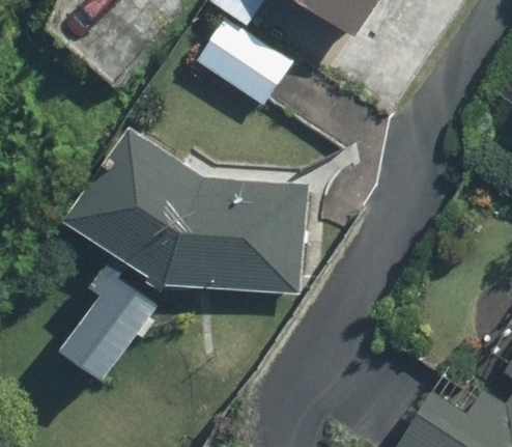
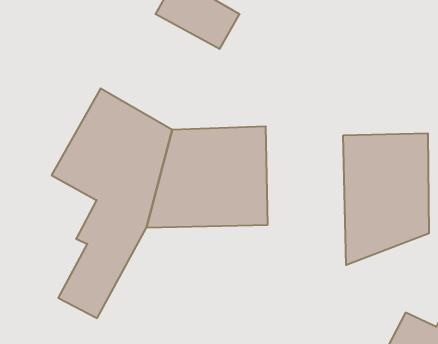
building: none -> [343,133,429,265]

